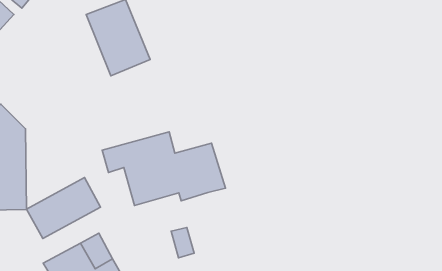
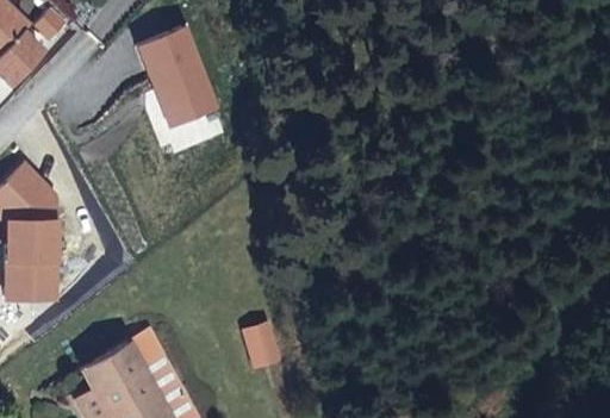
building: [102,132,225,205] -> none
building: [27,177,100,239] -> none

